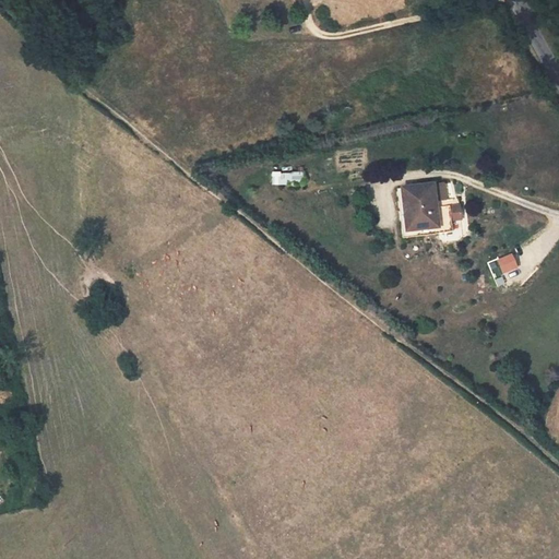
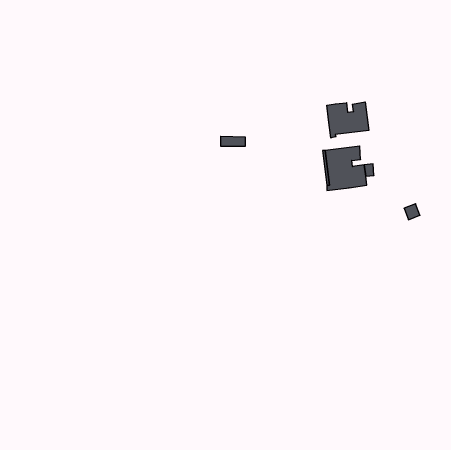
building: none -> [327,102,369,138]

